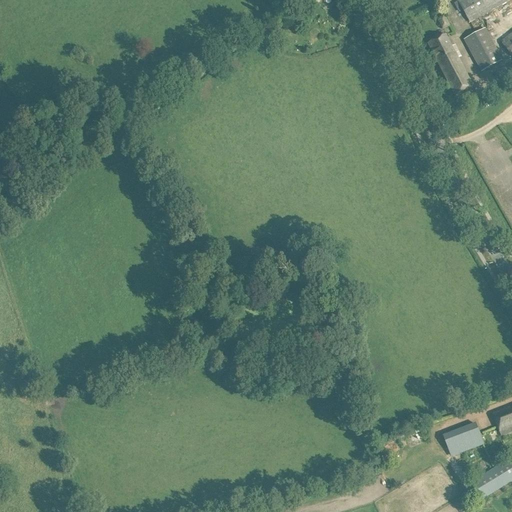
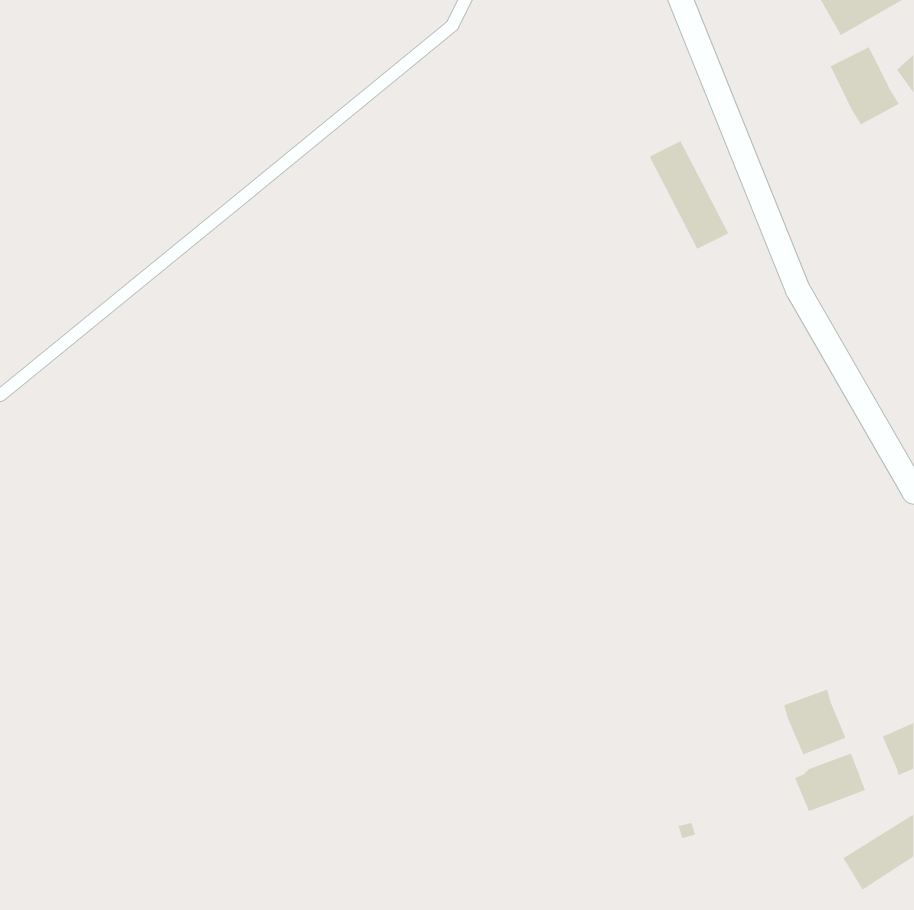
building: [428,33,473,94] -> [649,141,729,250]
building: none -> [784,689,846,755]

